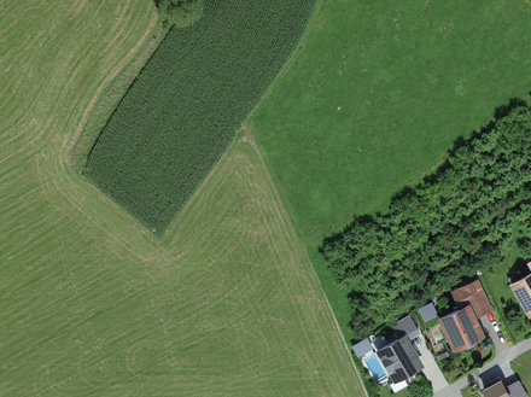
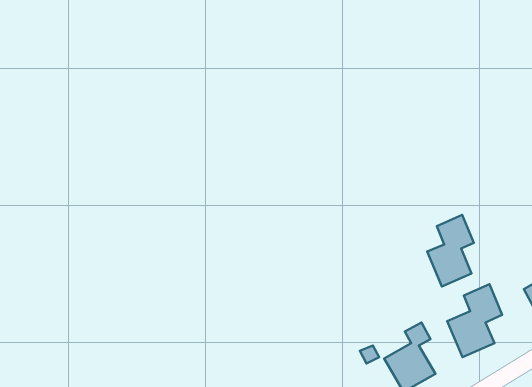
building: none -> [427,215,474,286]

